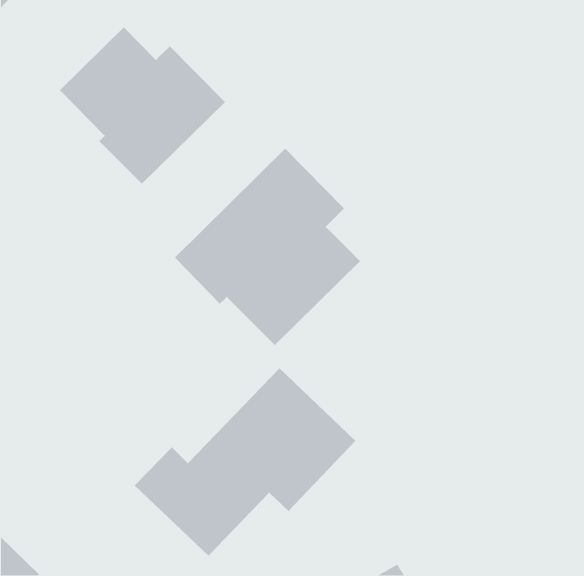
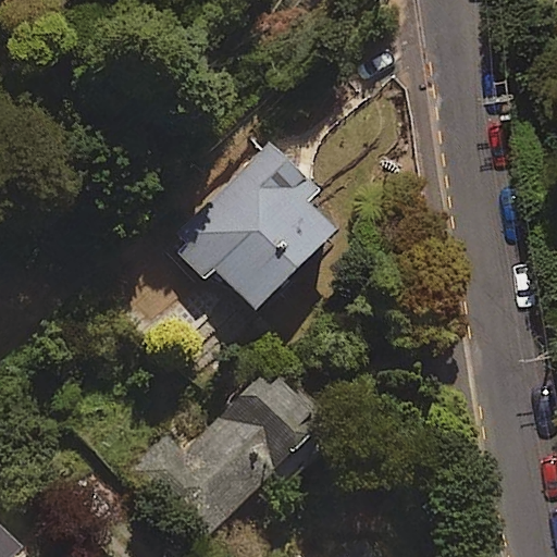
building: [59,26,226,185] -> none

